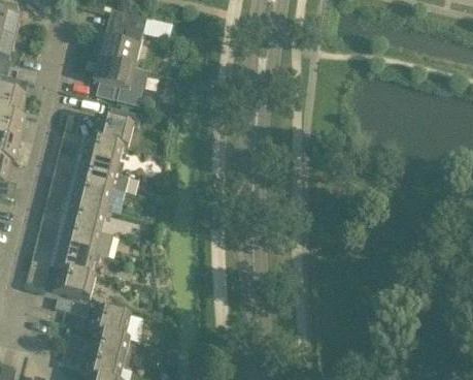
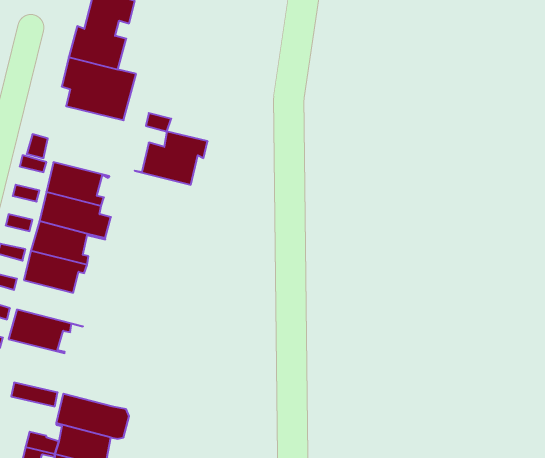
building: [87,107,140,147] -> [135,131,208,185]
building: [60,223,113,257] -> none
building: [54,266,95,298] -> none

